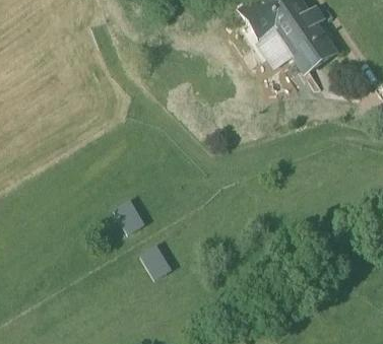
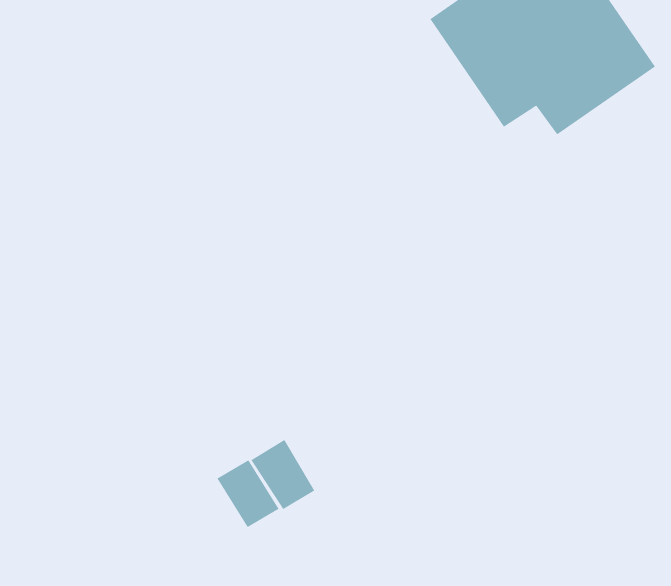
building: [111,196,144,232] -> [217,459,279,528]

